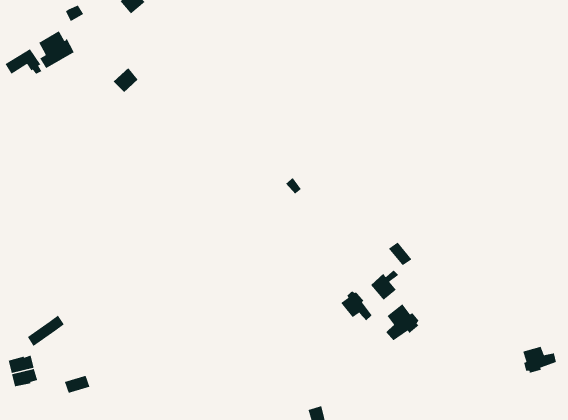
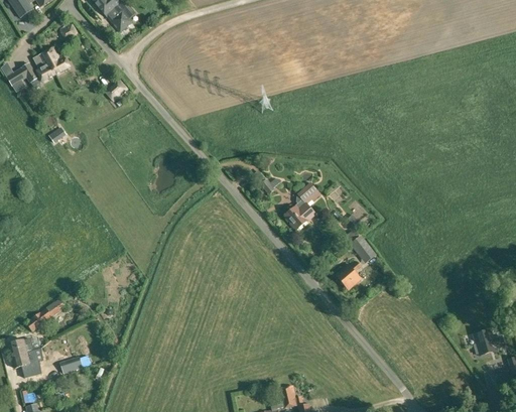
building: none -> [285,182,320,230]
building: [340,290,373,321] -> none
building: [385,303,420,341] -> none

